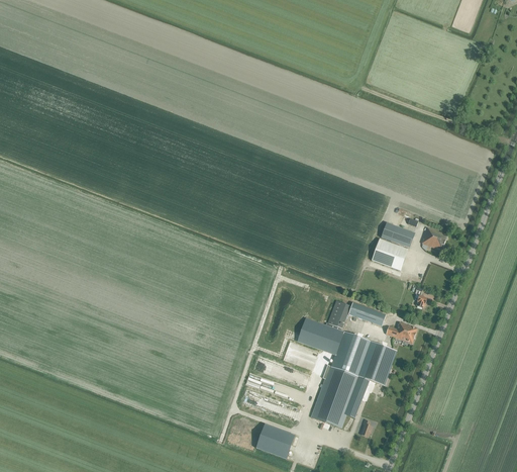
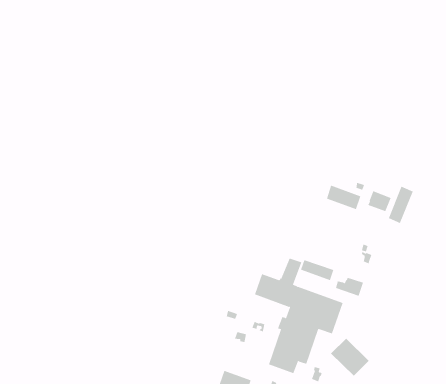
building: none -> [388,186,413,224]
building: [371,238,407,270] -> none
building: none -> [330,338,370,377]

